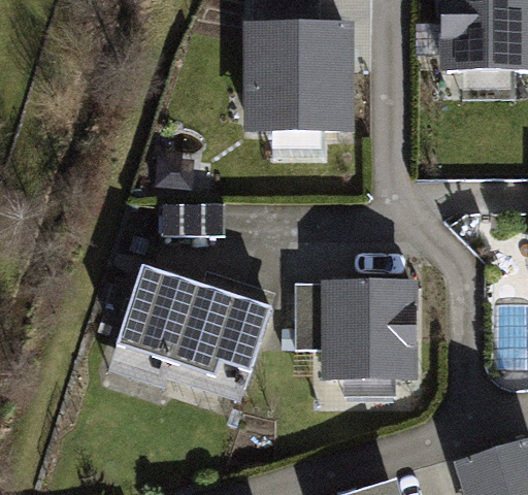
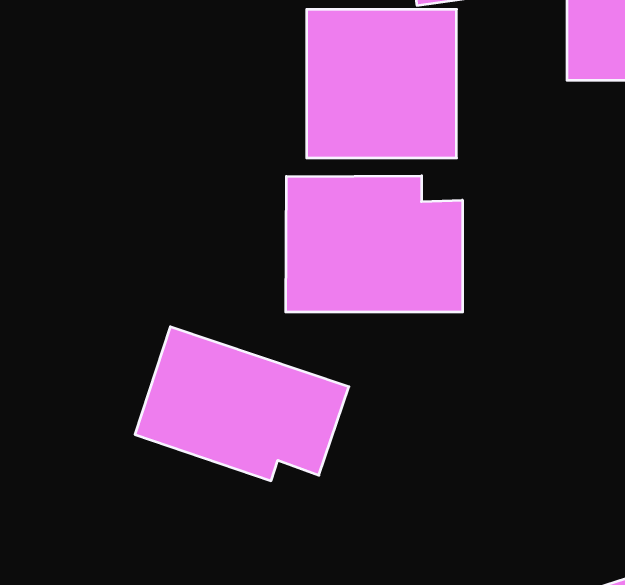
building: none -> [286,176,463,312]
building: [320,278,415,375] -> none

